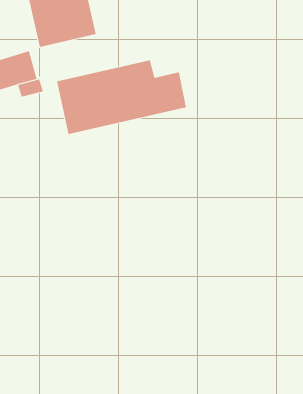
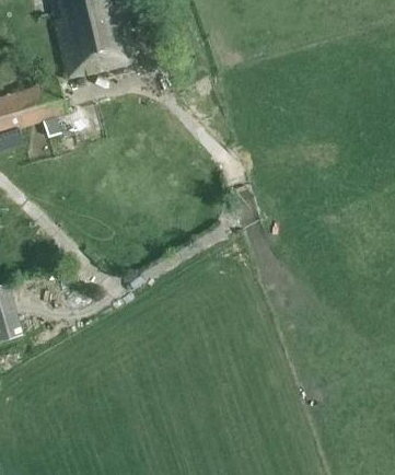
building: [56,59,186,135] -> none

